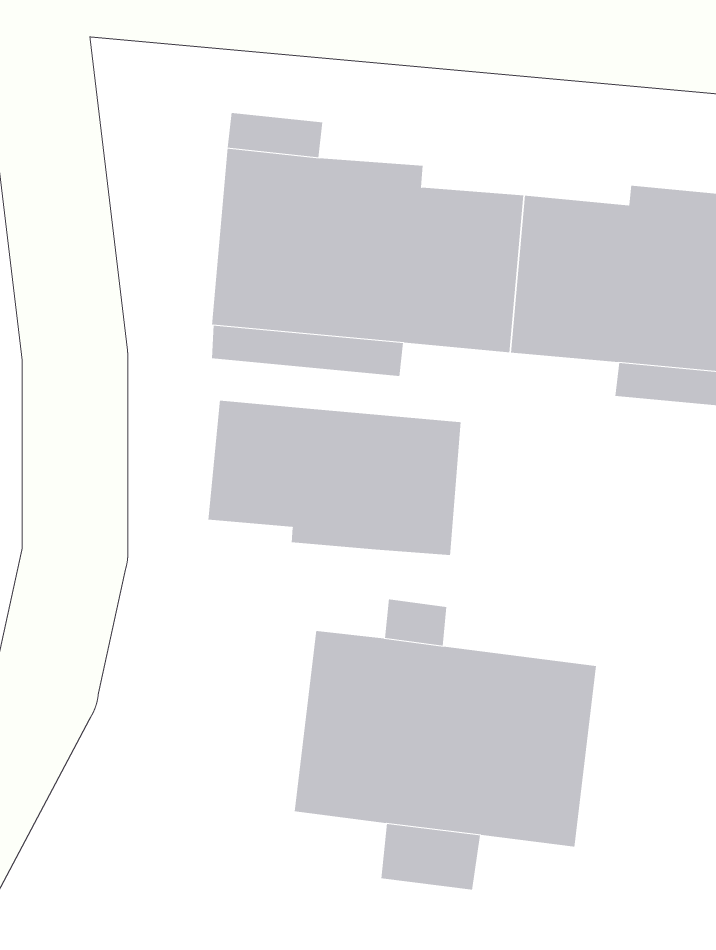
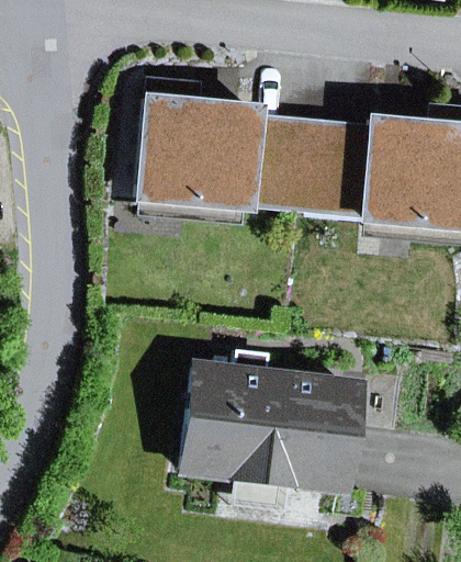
building: [208,400,461,556] -> none

